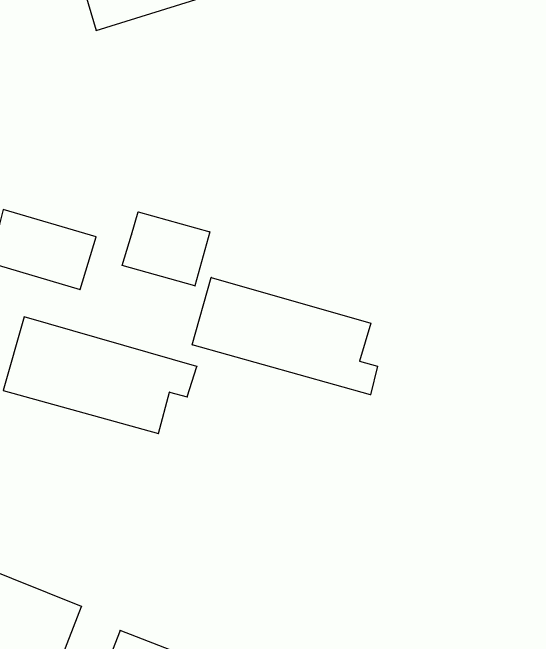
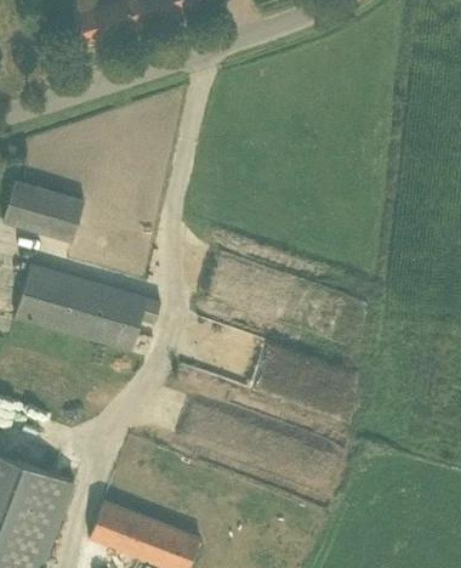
building: [122,212,210,286] -> none
building: [192,277,378,395] -> none

